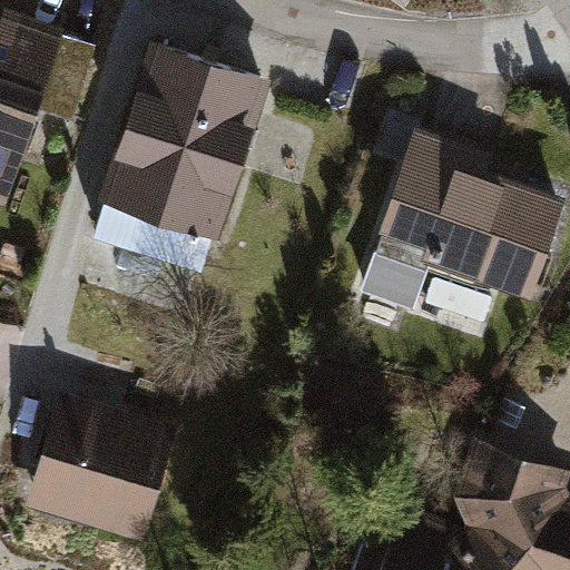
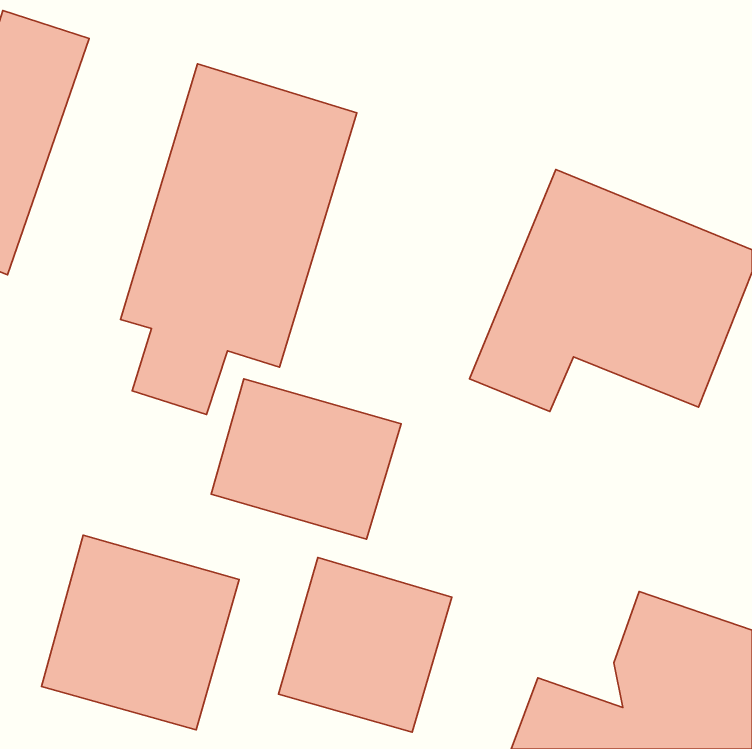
building: none -> [211,379,401,539]
building: none -> [279,558,452,732]

